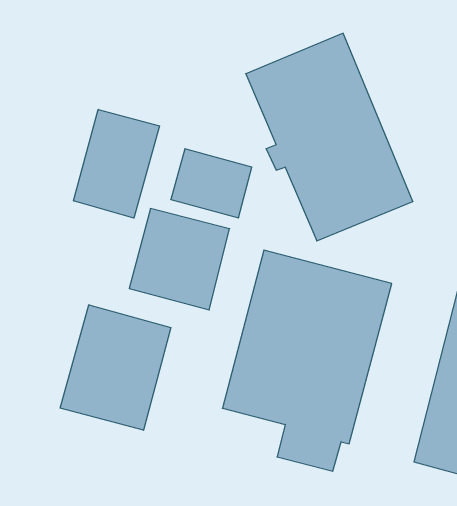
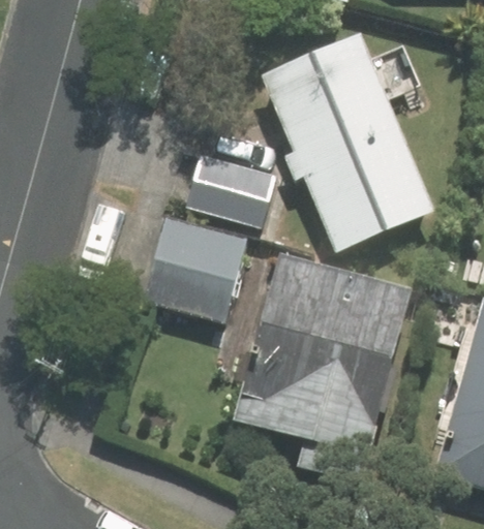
building: [74,109,160,218] -> none
building: [60,305,171,430] -> none

